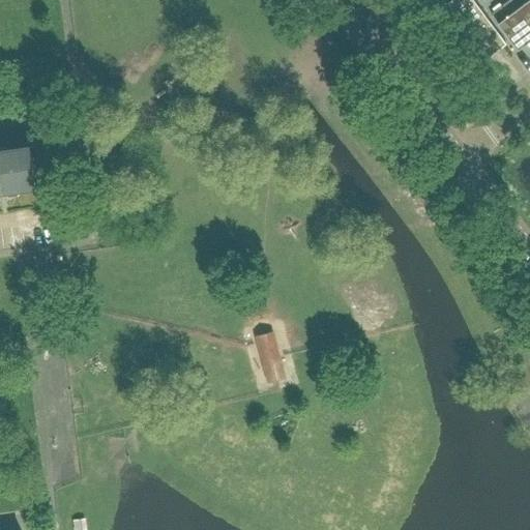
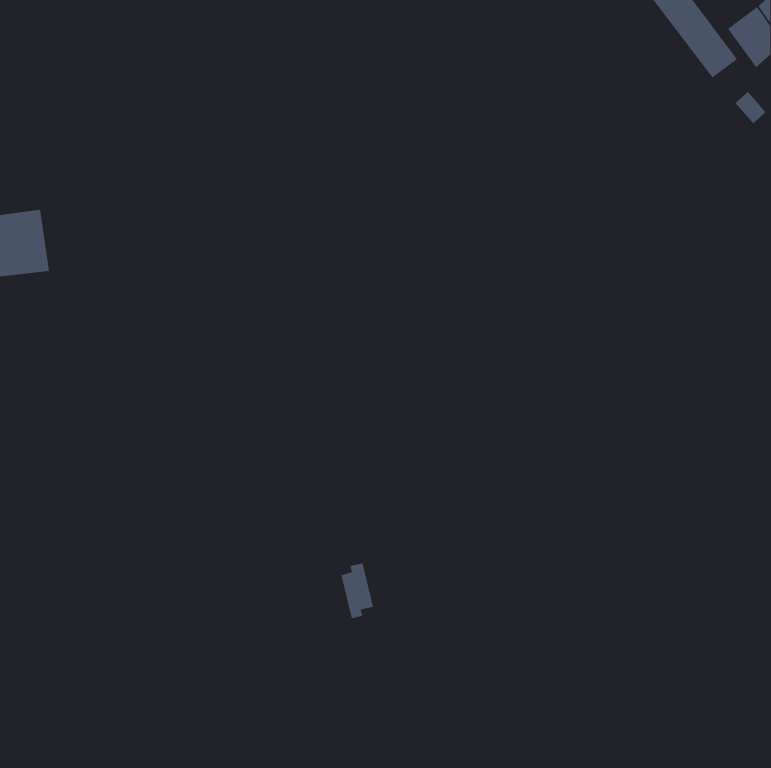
building: [258,334,281,373] -> [340,563,374,619]

